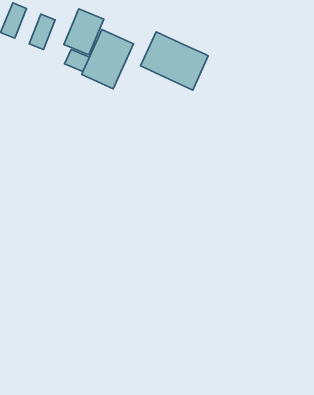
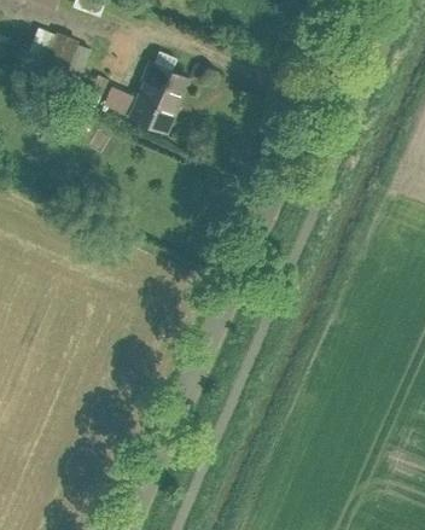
building: [64,9,104,55] -> none
building: [141,32,208,90] -> none

